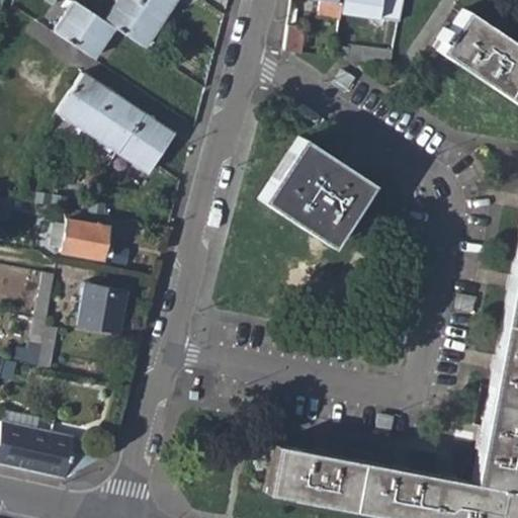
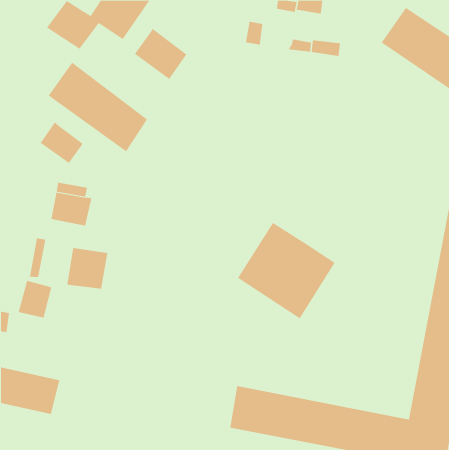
building: none -> [134,28,187,80]
building: [261,138,373,249] -> [237,222,335,319]
building: none -> [40,122,84,164]

